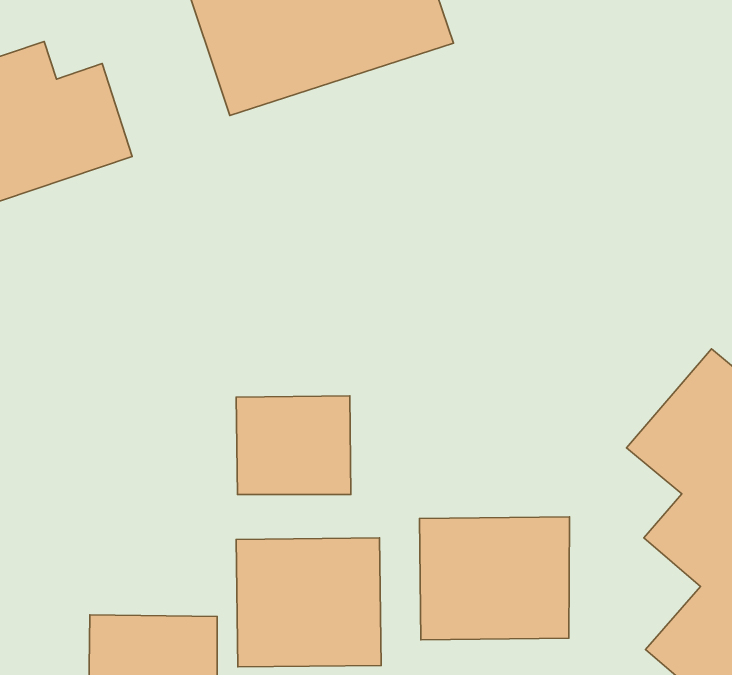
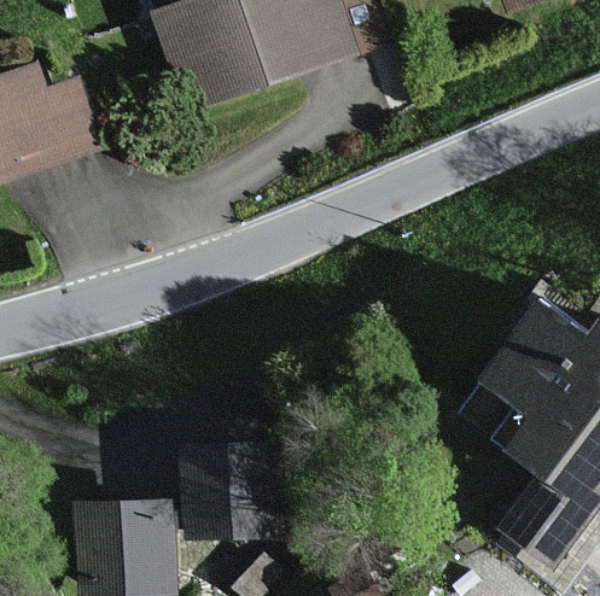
building: [236,396,351,495] -> none
building: [419,517,569,640] -> none

